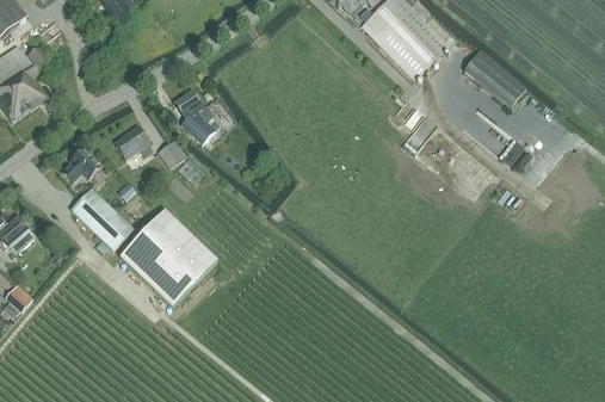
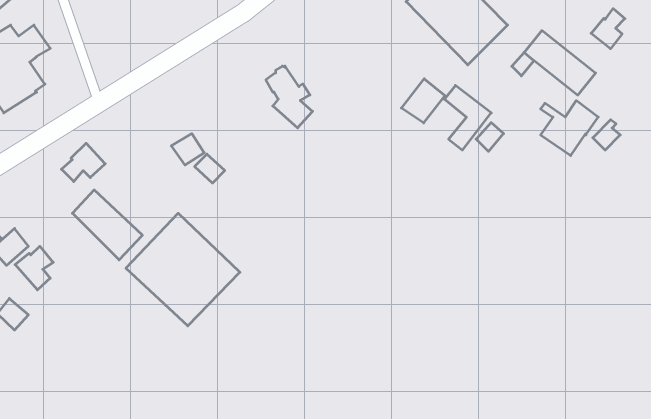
building: none -> [591,9,625,49]
building: [174,89,215,143] -> [266,66,313,128]
building: none -> [401,79,445,123]
building: [115,125,153,159] -> none
building: none -> [15,246,53,290]

